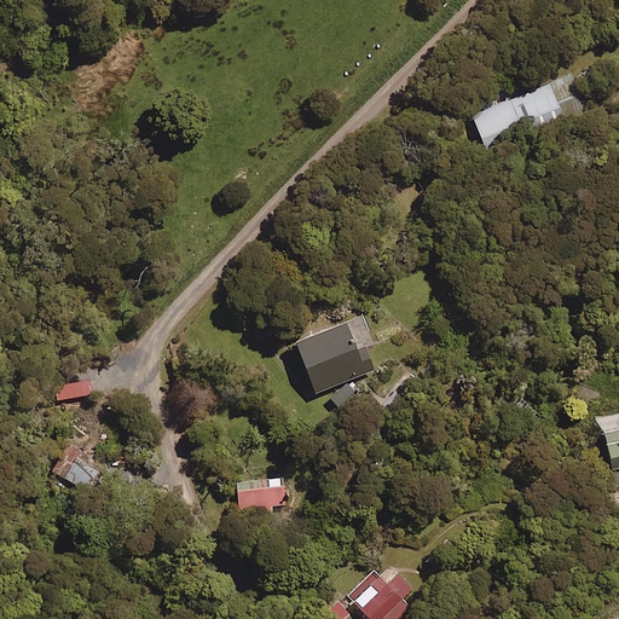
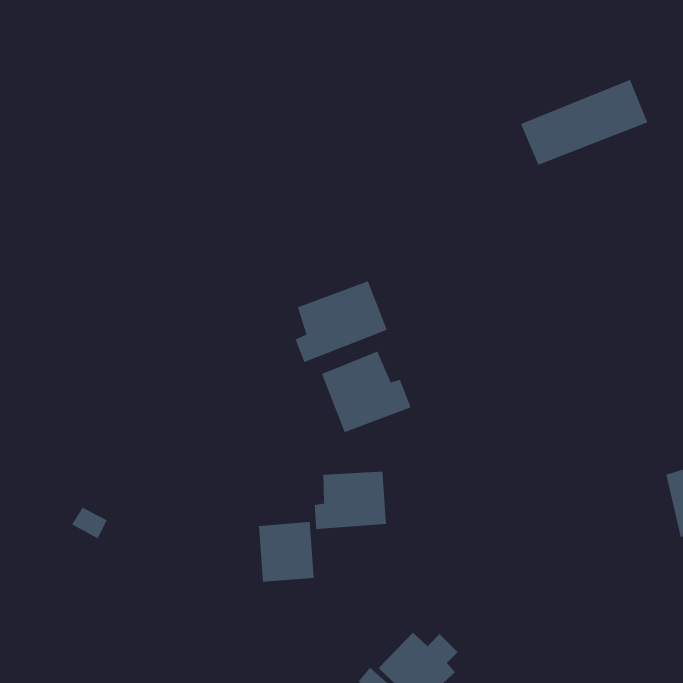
building: none -> [295,280,388,363]
building: none -> [314,471,387,530]

